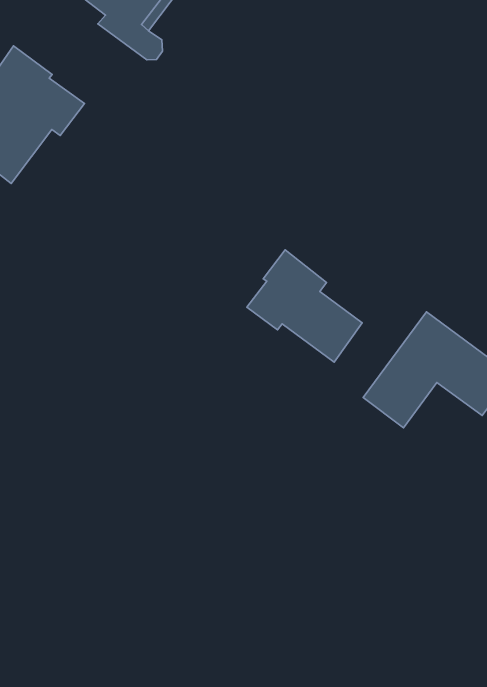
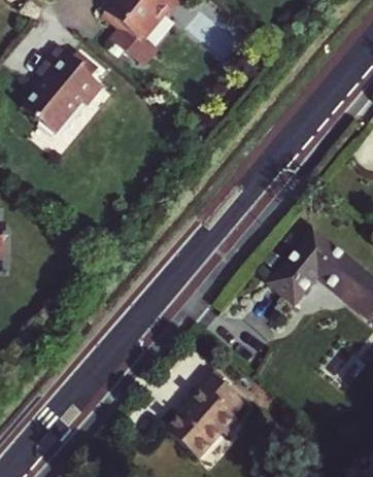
building: [247,250,362,362] -> none
building: none -> [166,373,244,459]

